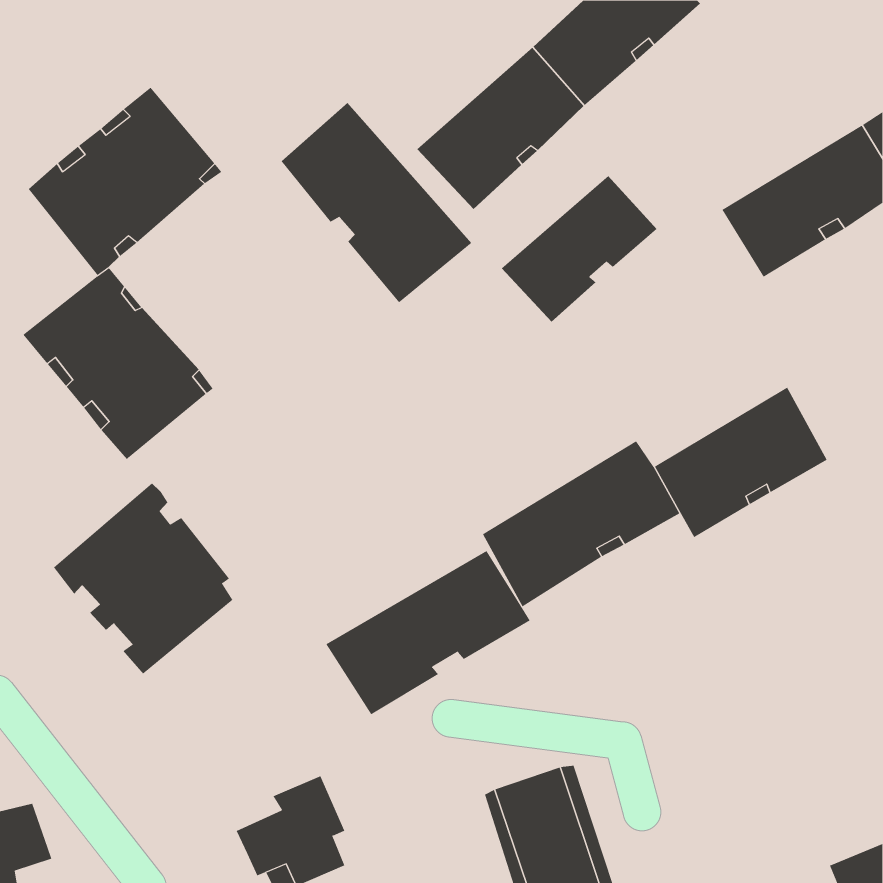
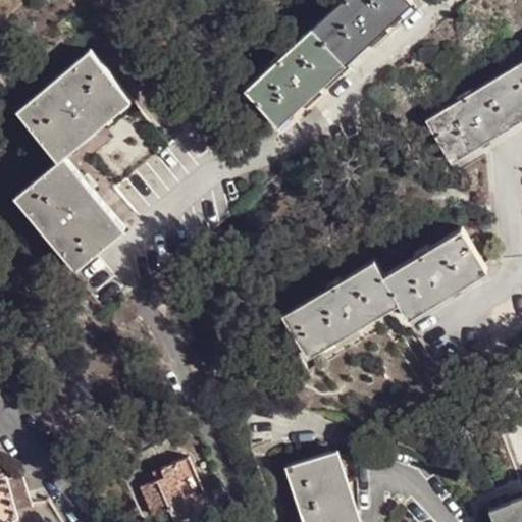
building: [281,102,472,303] -> none
building: [501,175,657,322] -> none
building: [53,482,233,675] -> none
building: [326,550,530,715] -> none

